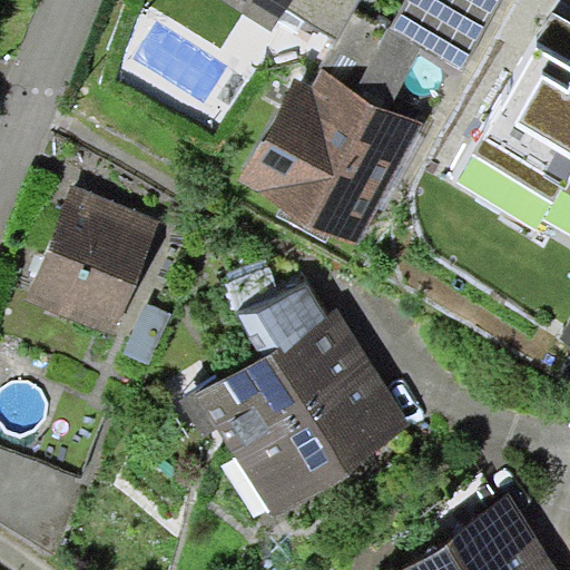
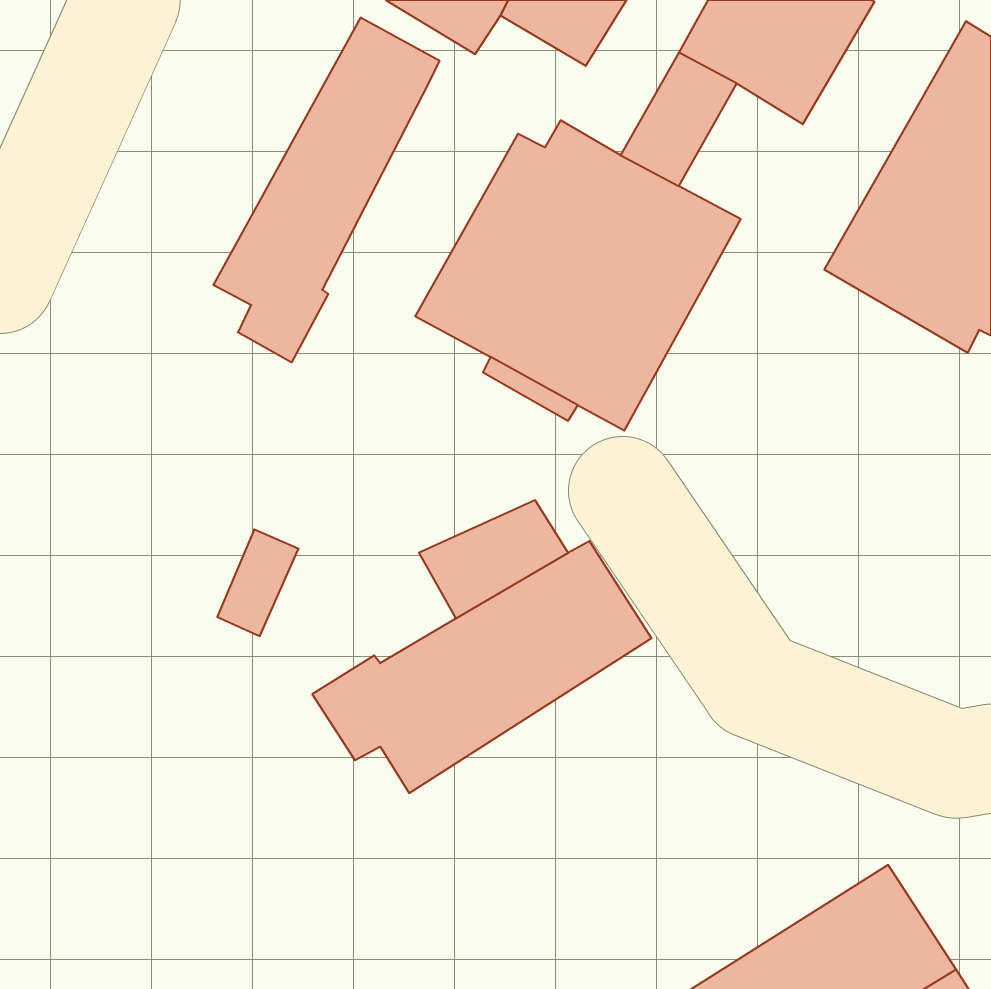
building: none -> [213,17,439,362]
building: [28,186,163,335] -> none
building: [235,367,413,518] -> none

